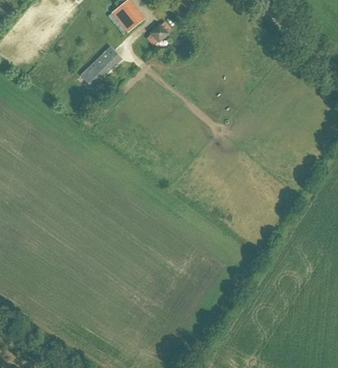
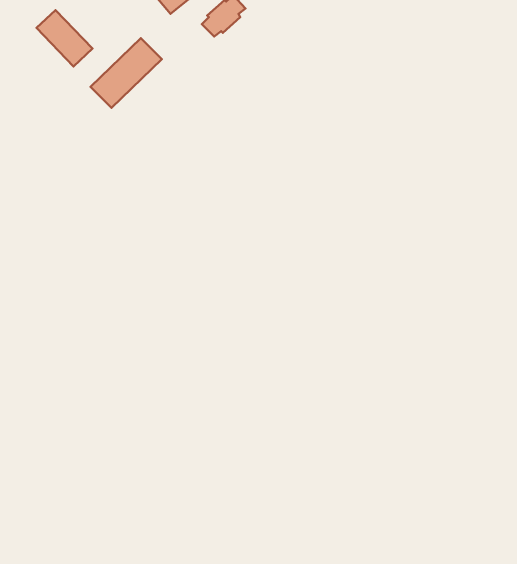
building: none -> [36,10,93,66]

